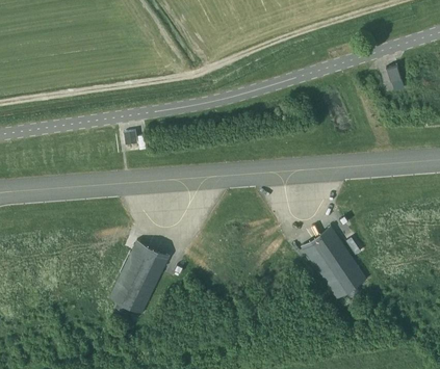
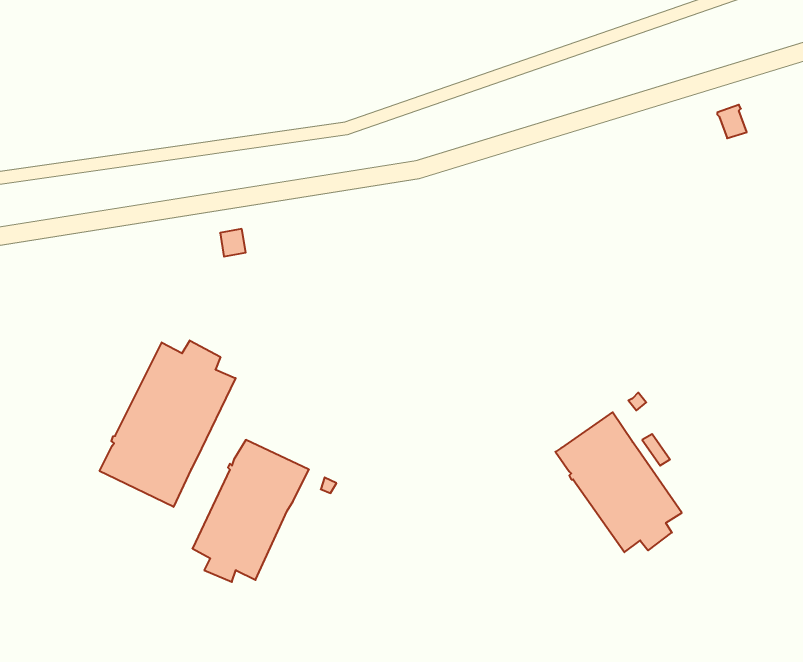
building: none -> [100,340,236,507]

